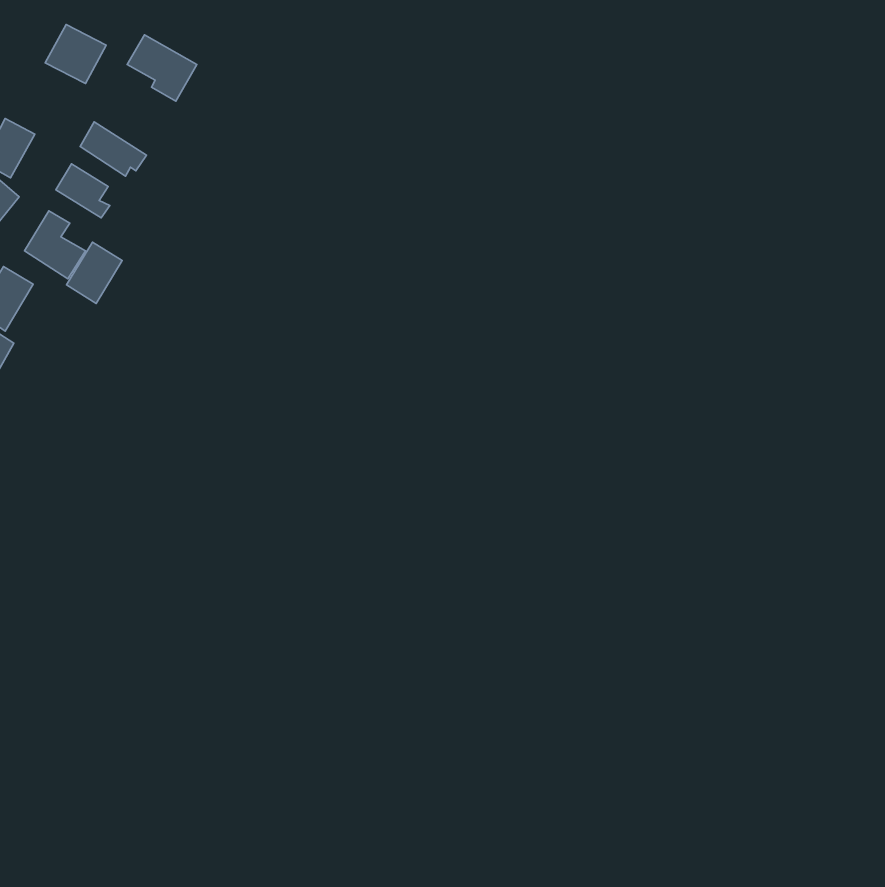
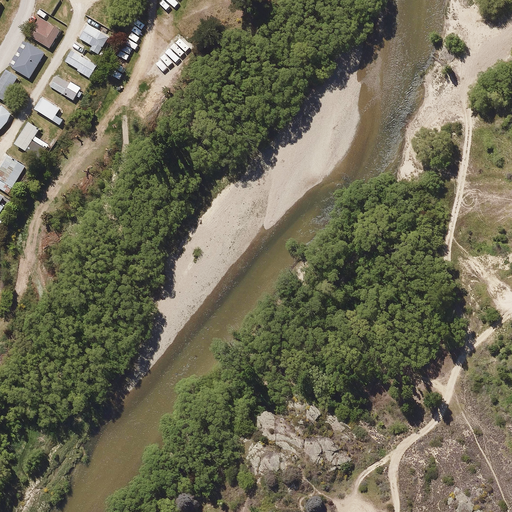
building: none -> [12,41,43,77]
building: none -> [62,48,96,79]
building: [67,242,122,303] -> none

